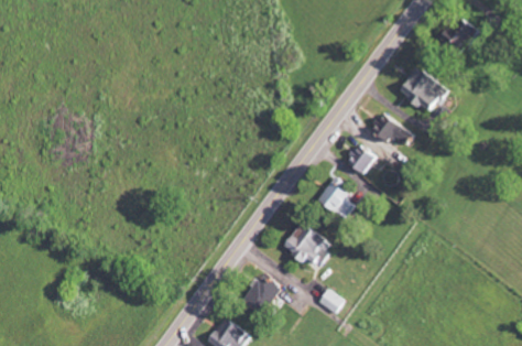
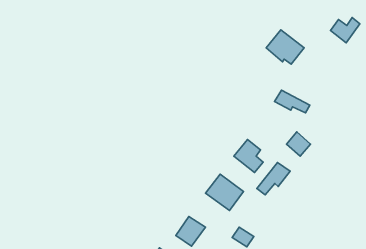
building: [399,67,447,111] -> [266,30,304,64]
building: [346,143,377,174] -> [286,132,311,156]
building: none -> [257,162,290,195]

